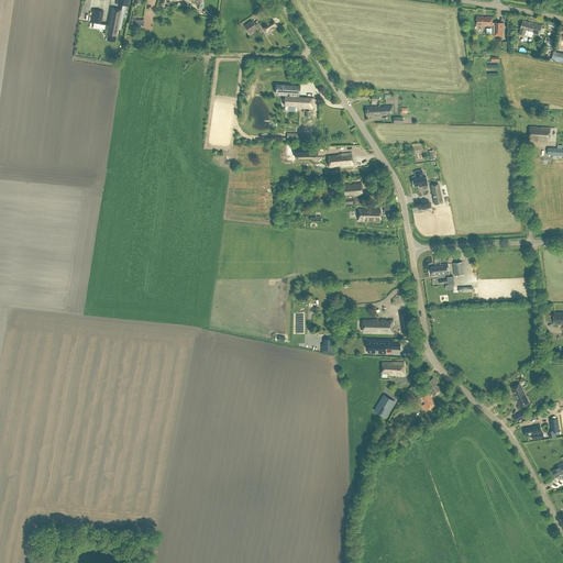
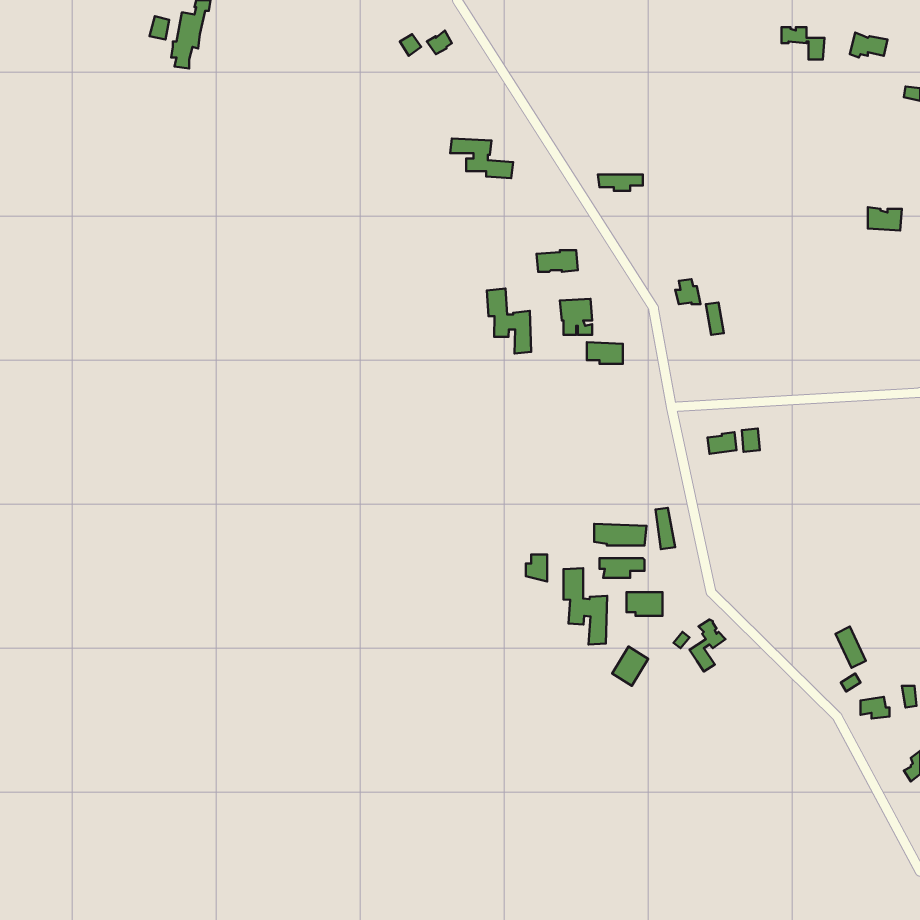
building: none -> [487,289,531,353]
building: none -> [564,568,607,644]

